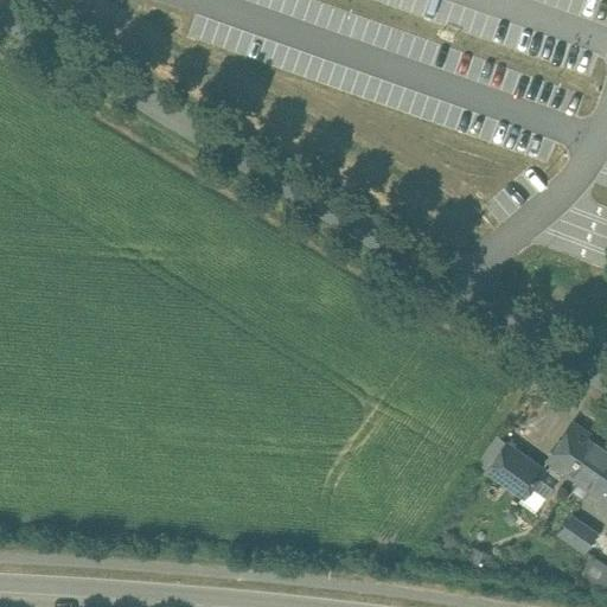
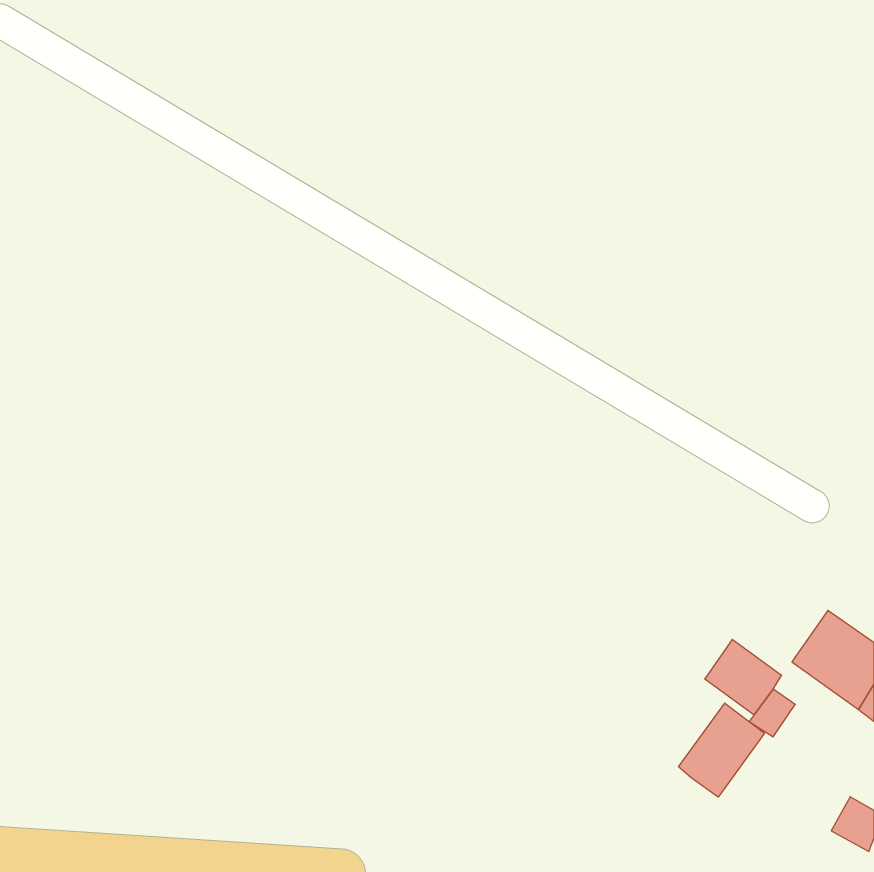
building: none -> [679,703,764,797]
building: [557,516,598,554] -> none

